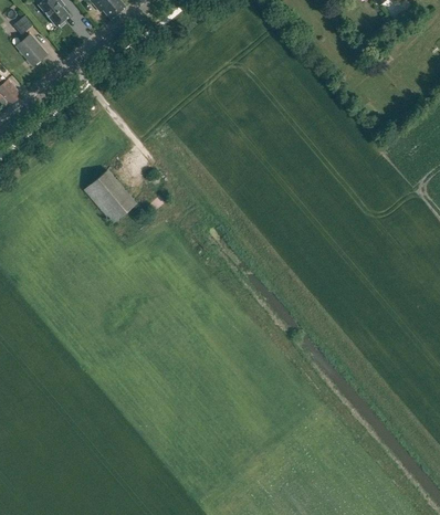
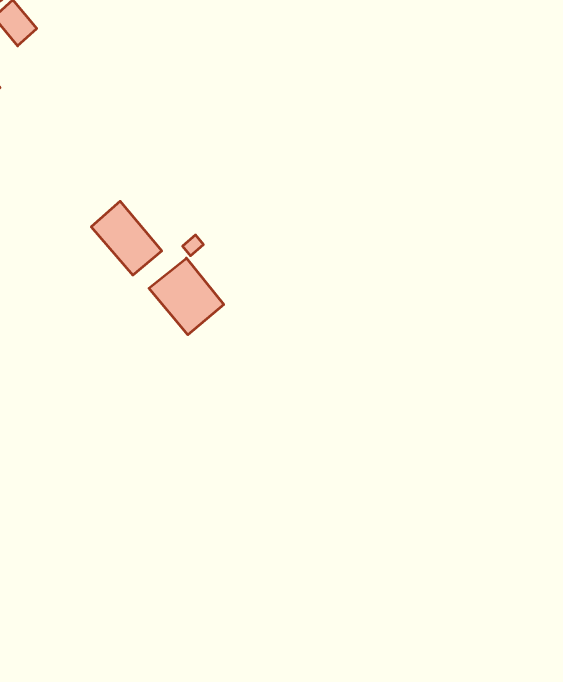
building: none -> [149,258,224,335]

